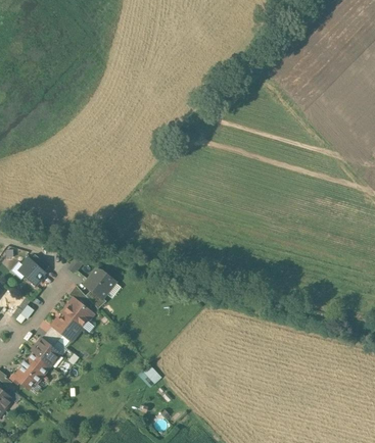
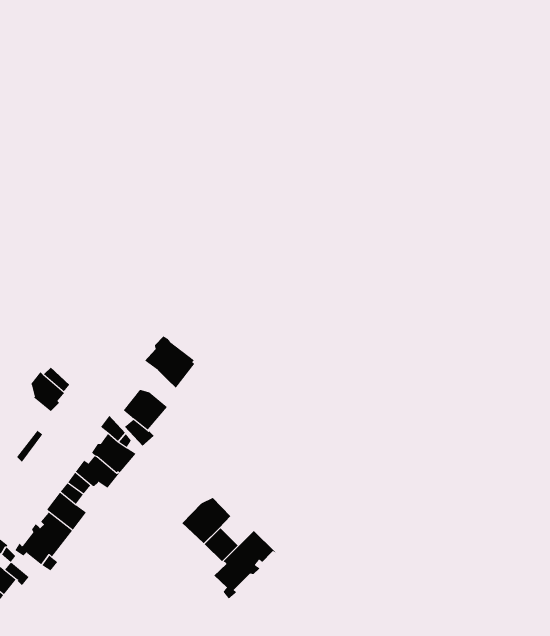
building: none -> [144,336,195,389]
building: none -> [181,497,231,545]
building: none -> [214,530,276,599]

